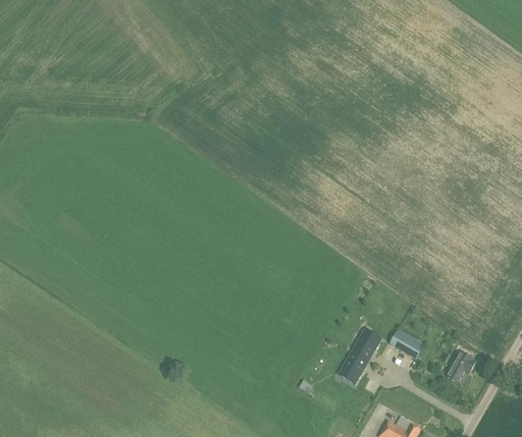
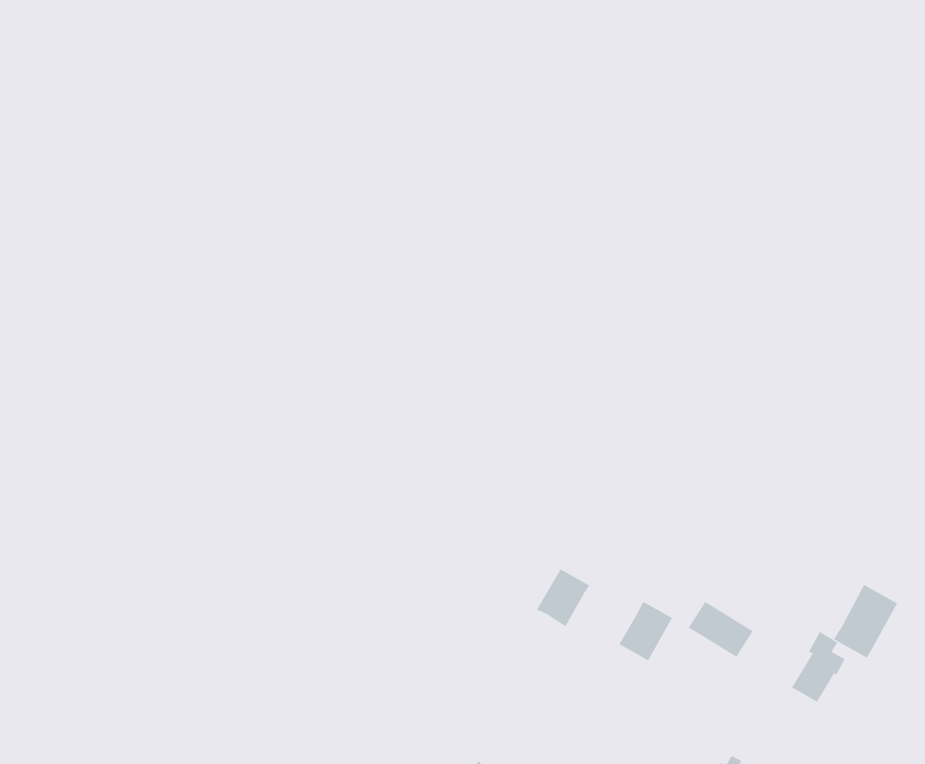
building: none -> [833,584,898,658]
building: [337,351,367,383] -> [536,569,590,627]

